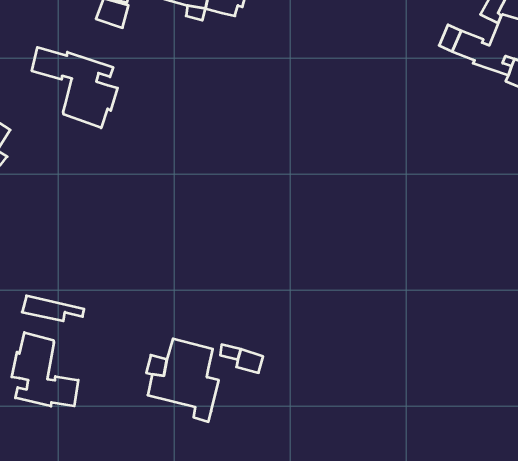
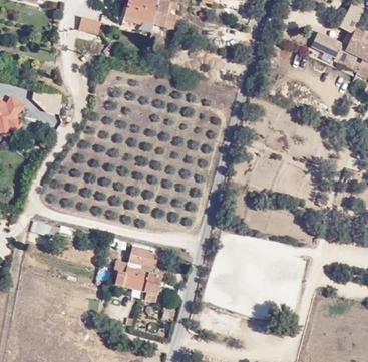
building: [32,47,118,128] -> none
building: [12,332,78,406] -> none

